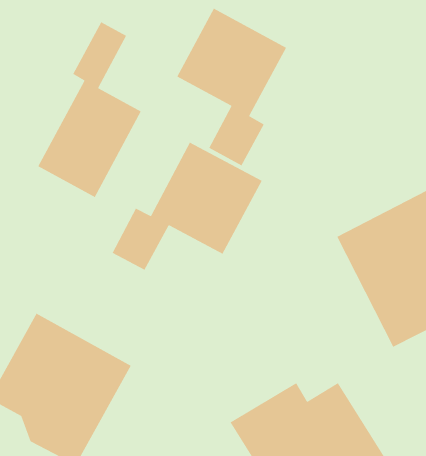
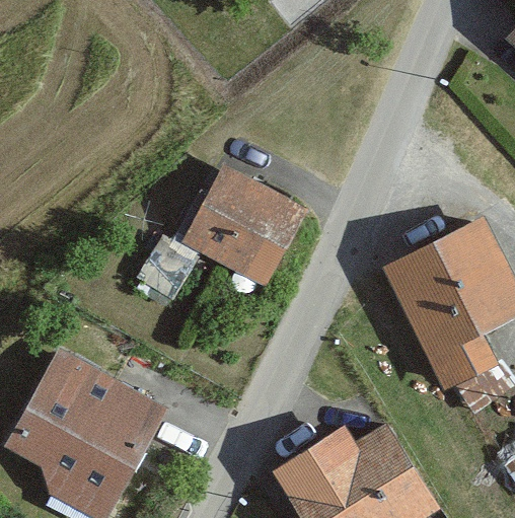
building: [176,7,287,166] -> none
building: [37,21,142,198] -> none

